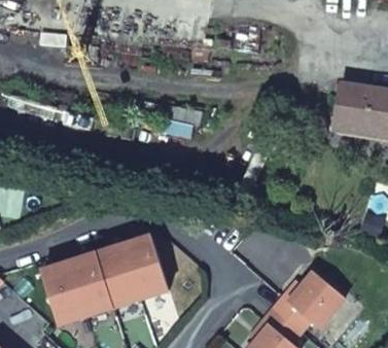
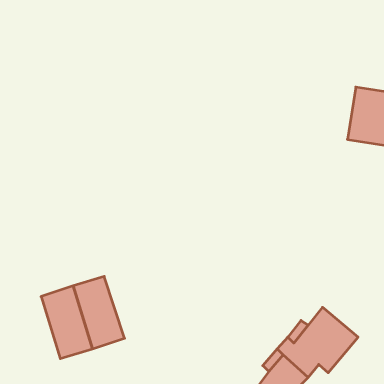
building: [124,237,168,299] -> none
building: [39,263,85,325] -> none

